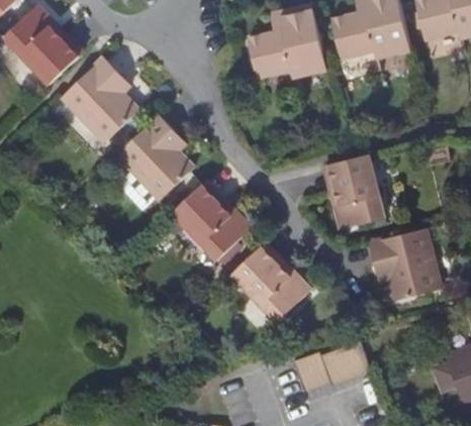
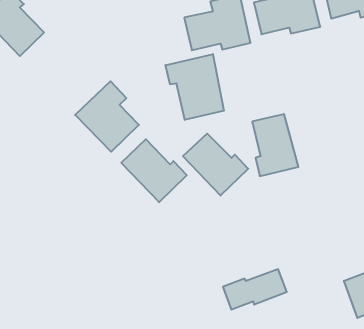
building: [62,58,138,142] -> none
building: none -> [165,54,224,120]
building: [369,228,441,300] -> none
building: [231,247,310,322] -> [183,134,248,196]

